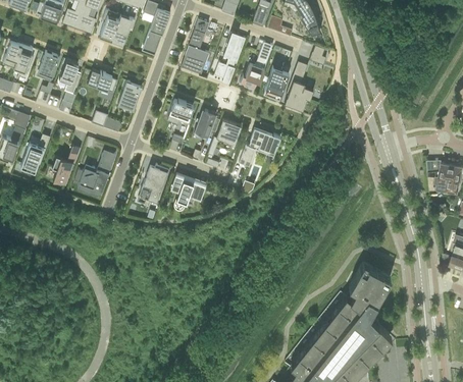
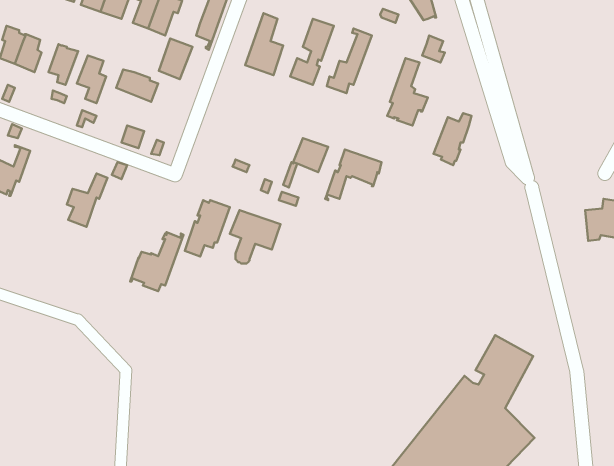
building: [263,64,291,102] -> [434,113,472,165]
building: [118,81,143,111] -> [159,38,193,79]
building: [167,99,194,125] -> none
building: [195,109,220,137] -> none
building: [21,134,51,173] -> none
building: [78,153,116,196] -> [130,232,184,291]

